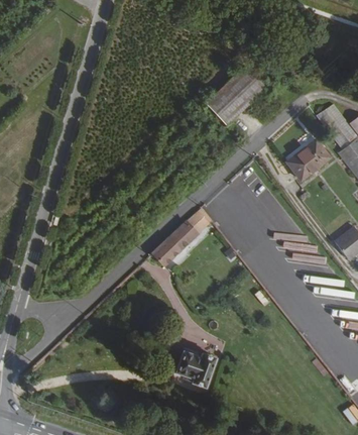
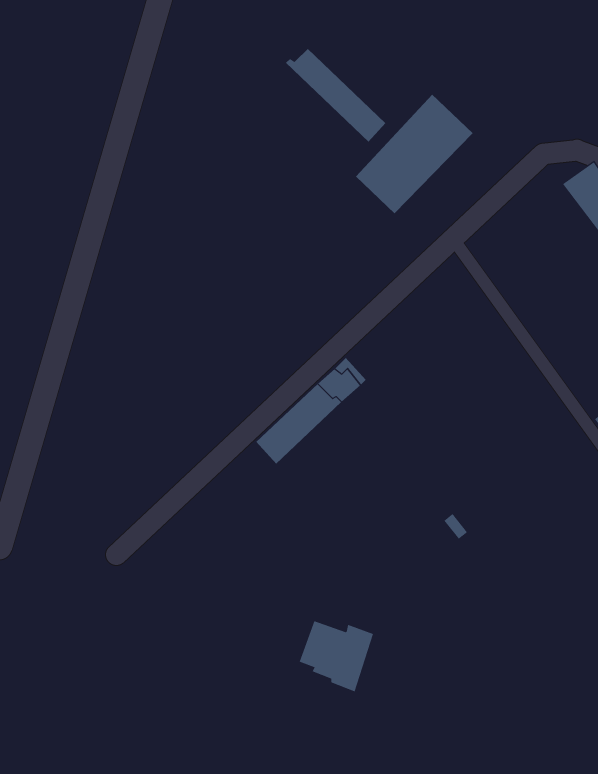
building: none -> [285,48,386,142]
building: [288,138,330,179] -> none

